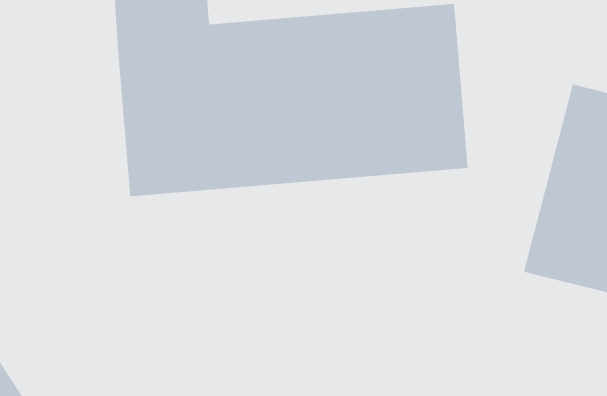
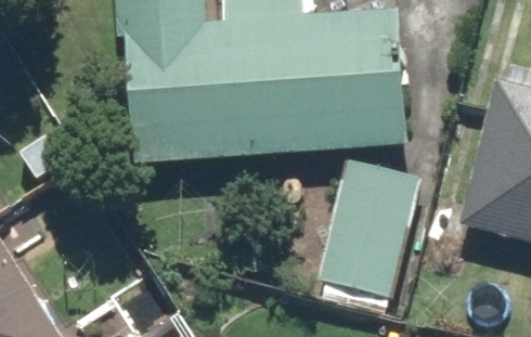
building: none -> [319,159,418,295]

